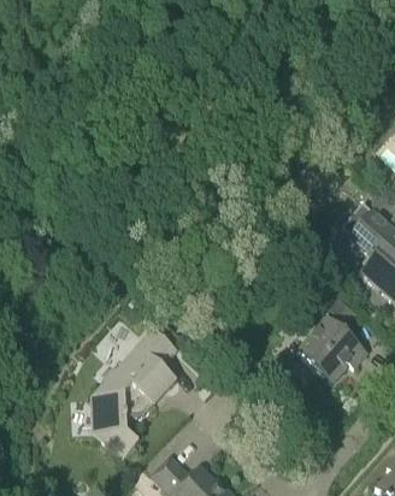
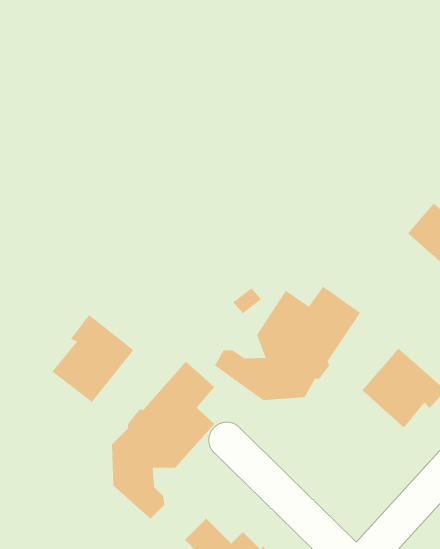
building: none -> [214,286,361,401]
building: none -> [51,314,134,403]

